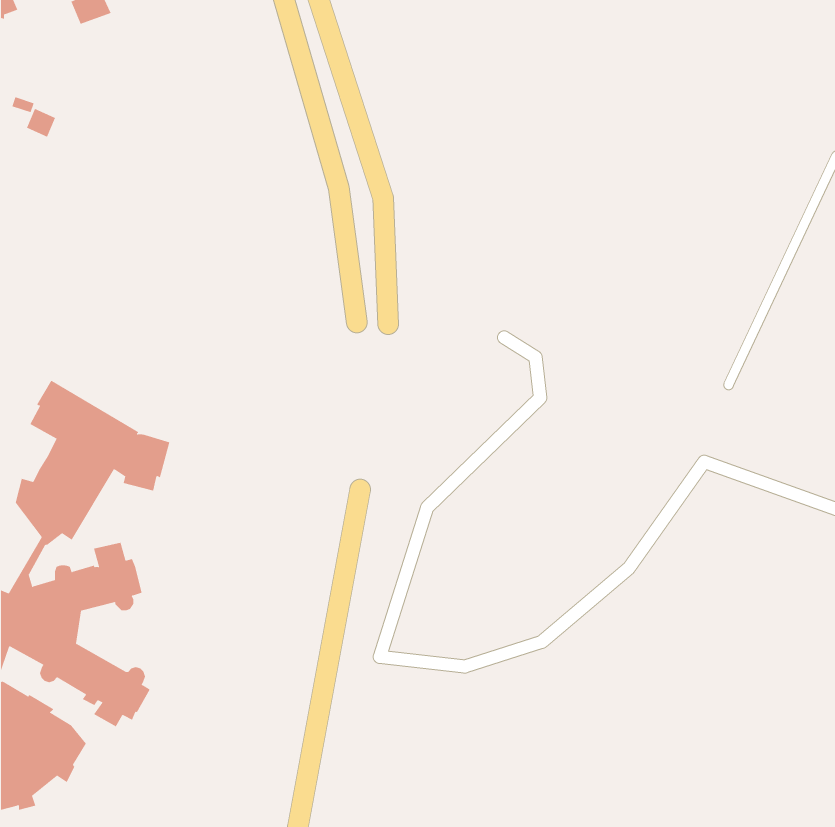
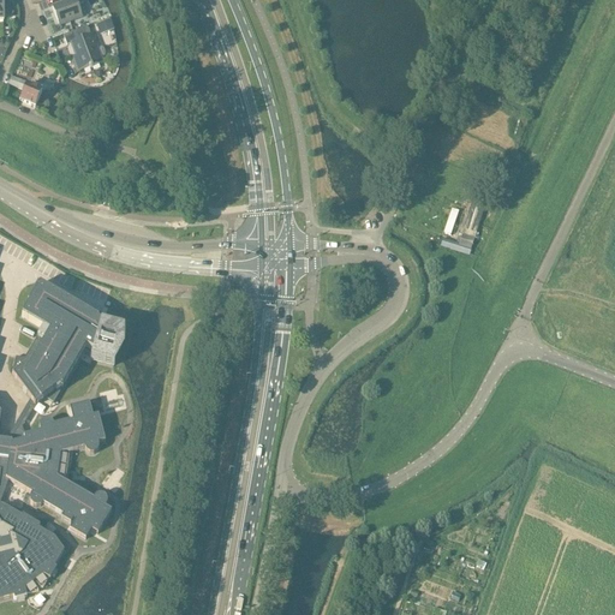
building: none -> [64,20,102,66]

